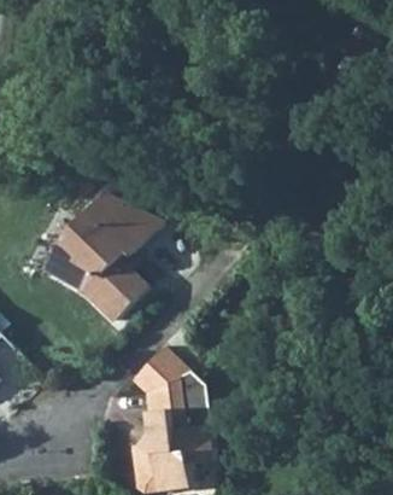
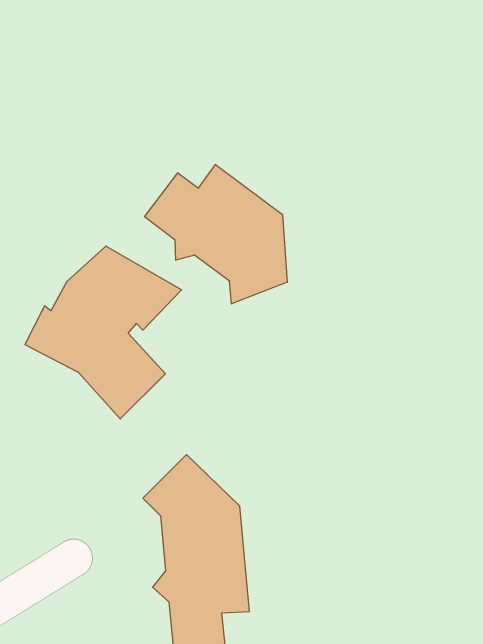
building: none -> [144,164,287,304]

